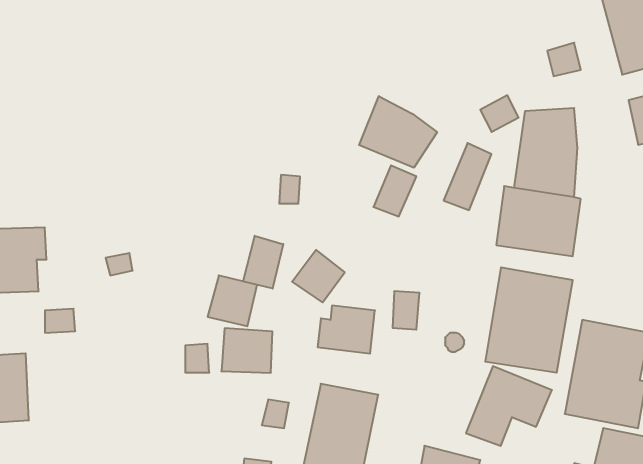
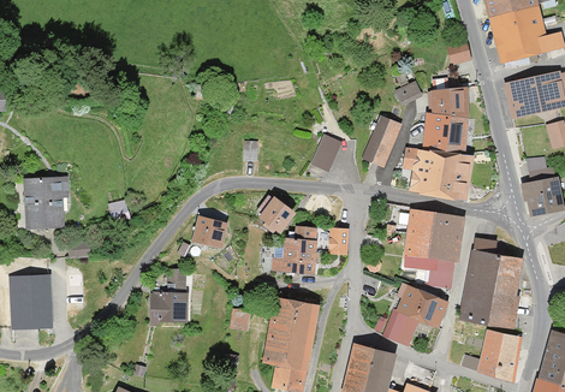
building: [359,96,437,168] -> none
building: [243,236,283,289] -> none
building: [221,328,272,373] -> [147,291,185,325]

